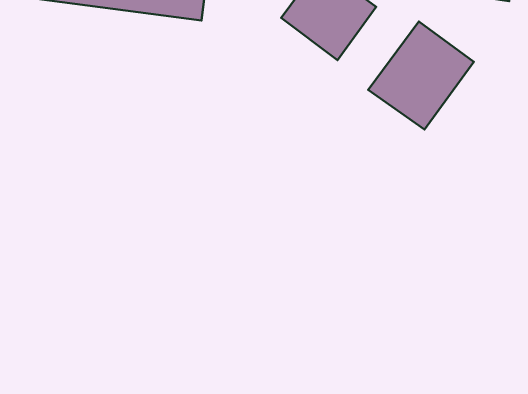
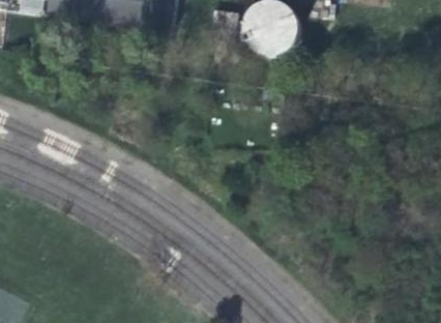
building: [368,22,474,129] -> none

